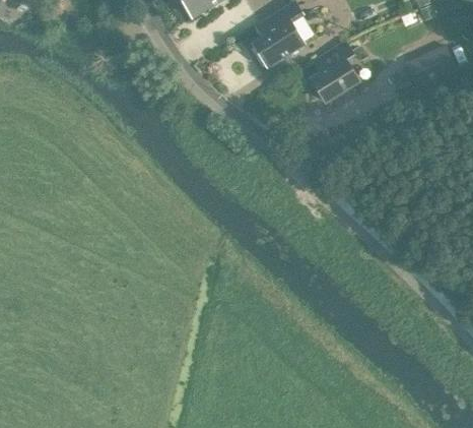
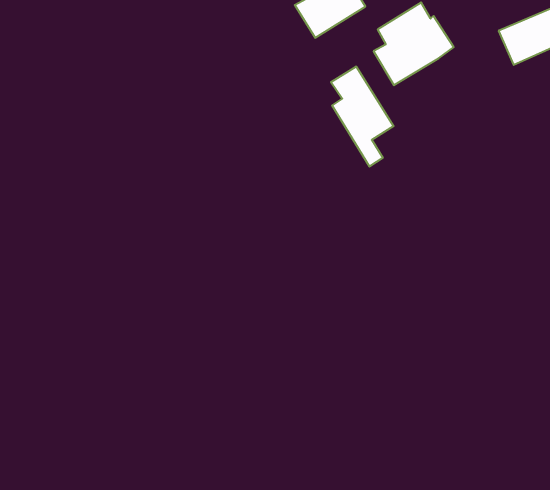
building: none -> [331,66,394,167]

